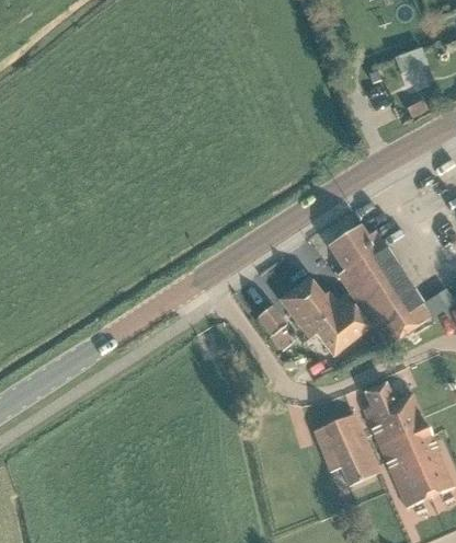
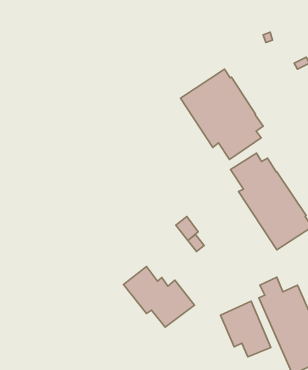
building: none -> [180,69,263,159]
building: [278,276,369,354] -> [123,266,194,327]

